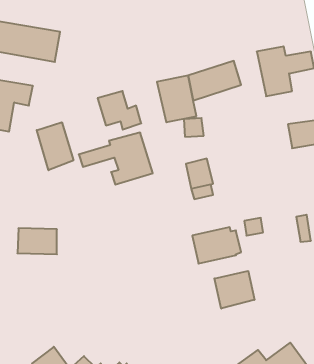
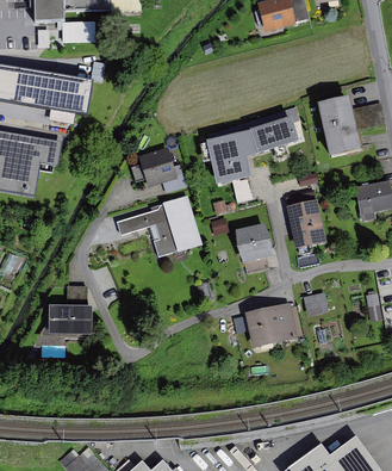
building: [37,122,73,170] -> none
building: none -> [285,191,325,248]
building: [214,271,254,309] -> none

